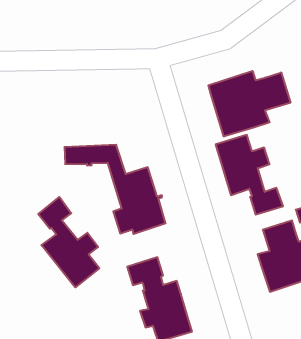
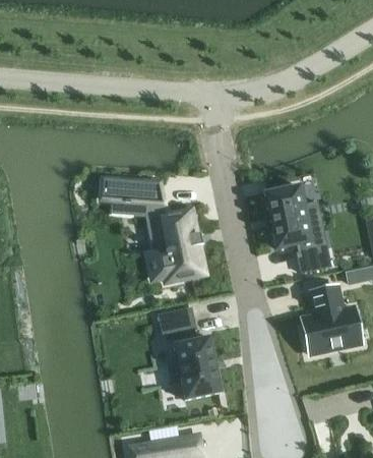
building: [208,71,290,137] -> none
building: [38,197,99,287] -> none

